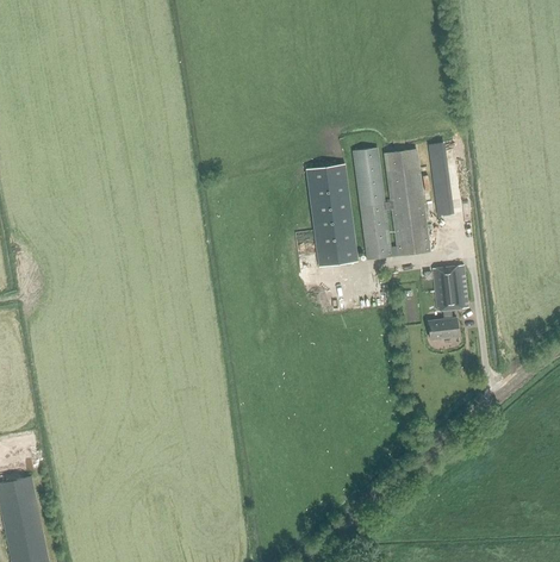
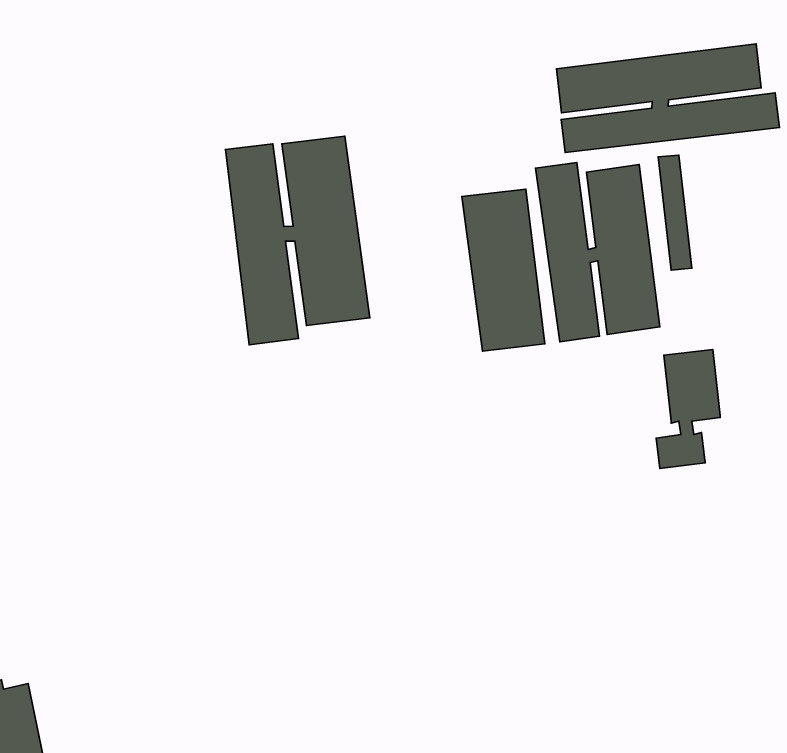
building: none -> [556,44,779,153]
building: none -> [225,136,370,345]

